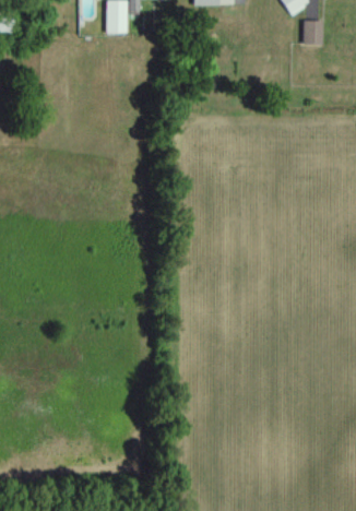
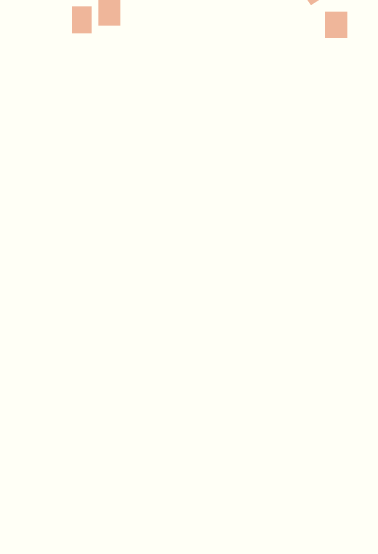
building: none -> [71,5,92,34]

